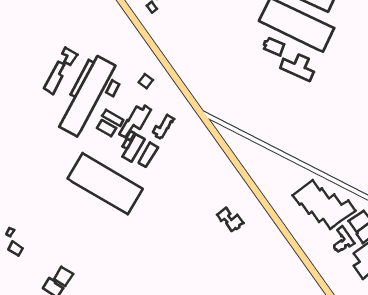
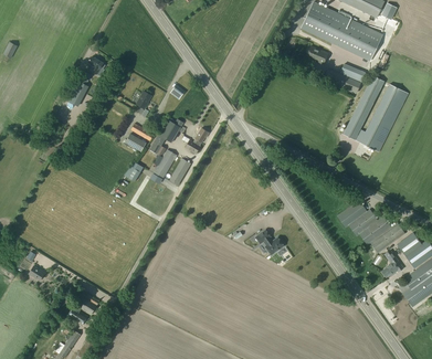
building: [59,56,115,137] -> none
building: none -> [341,75,409,151]
building: [68,153,143,214] -> none

